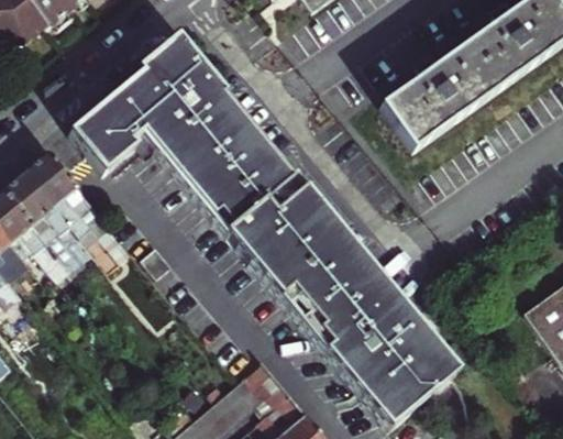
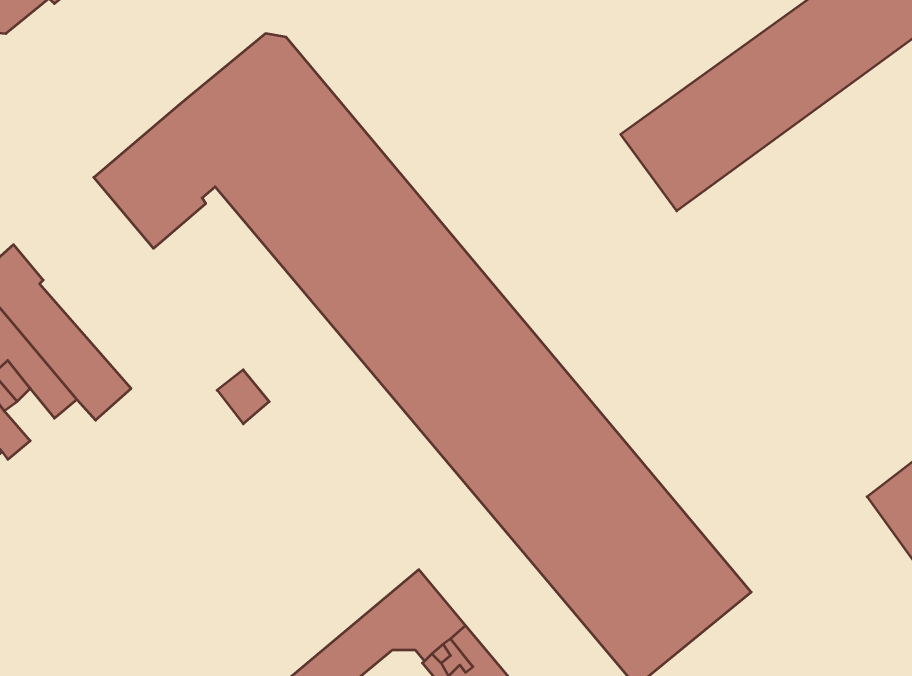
building: [26,147,131,273] -> none

